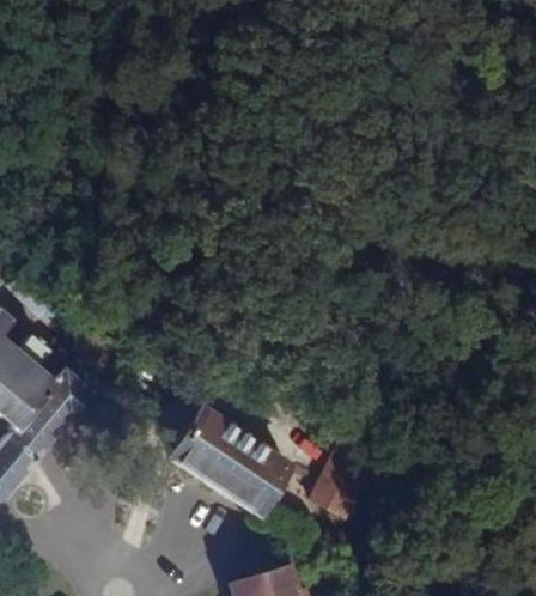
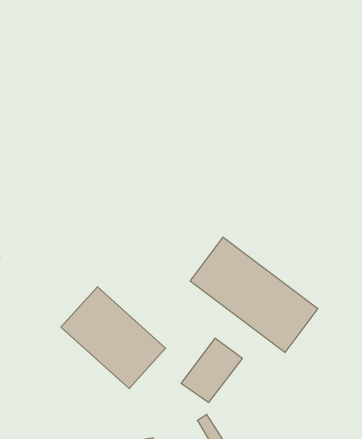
building: none -> [190,237,318,353]

